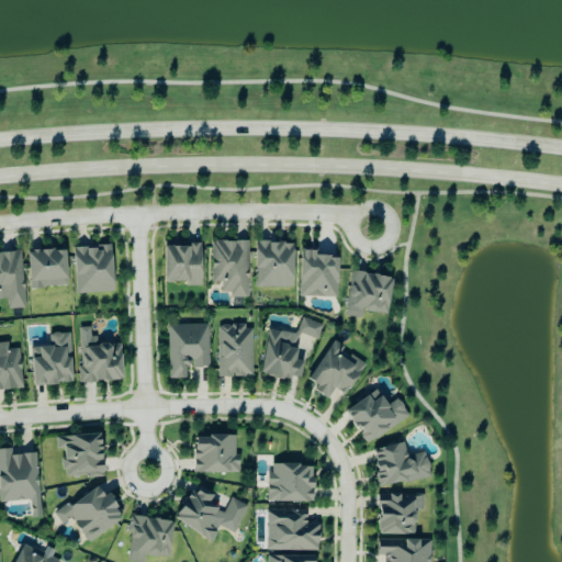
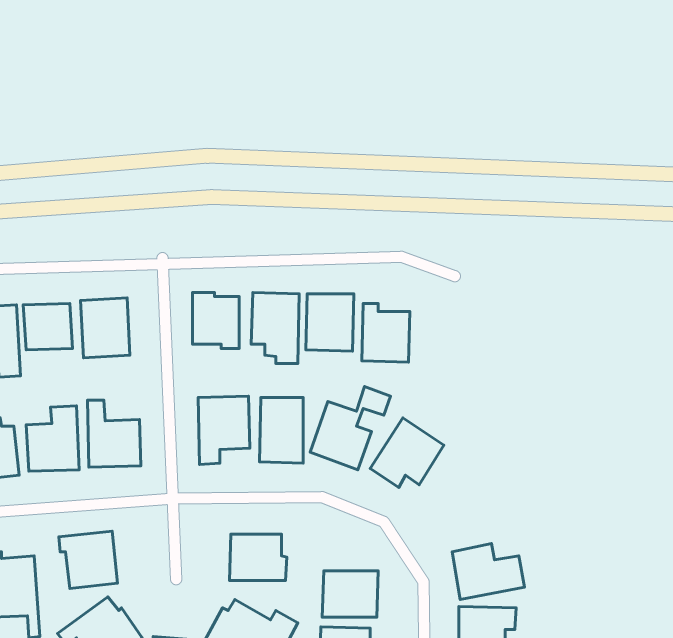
building: [347,272,393,318] -> none
building: [345,390,411,443] -> none

